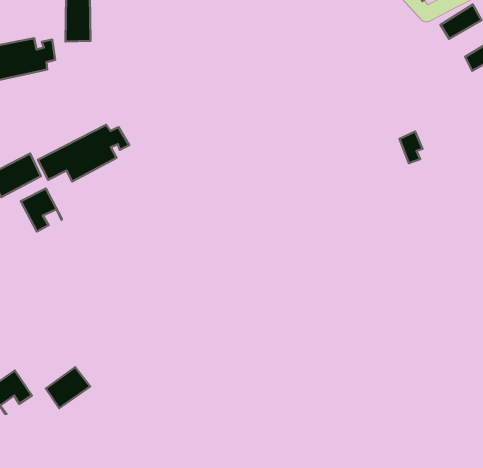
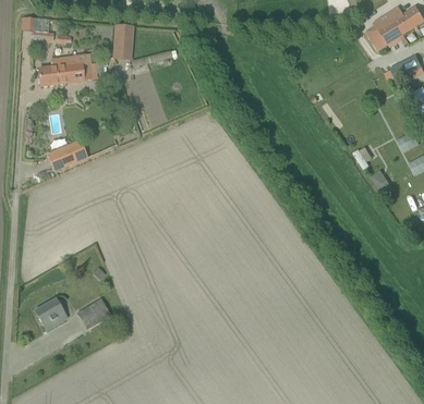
building: [38,125,129,181] -> none
building: [21,188,62,232] -> none

